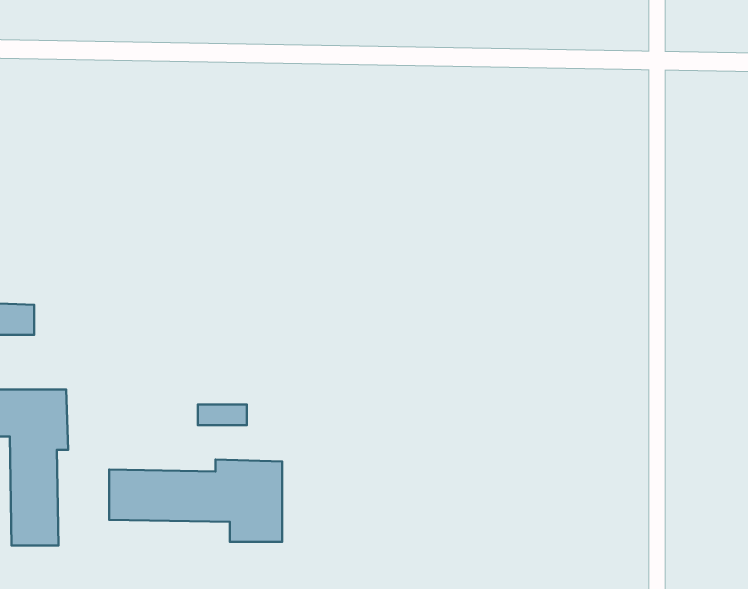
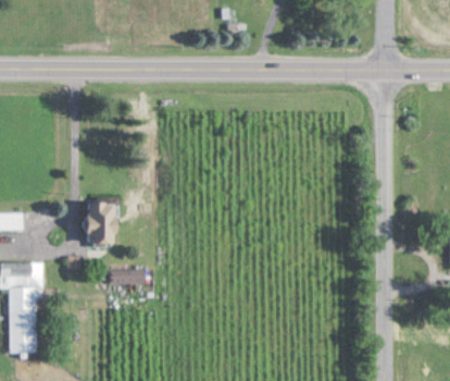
building: none -> [89,202,116,246]
building: [109,459,282,542] -> none

